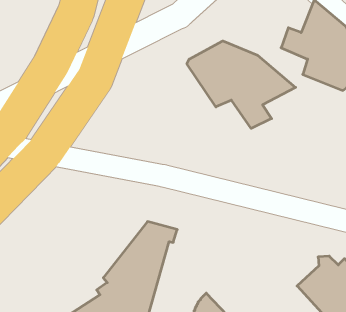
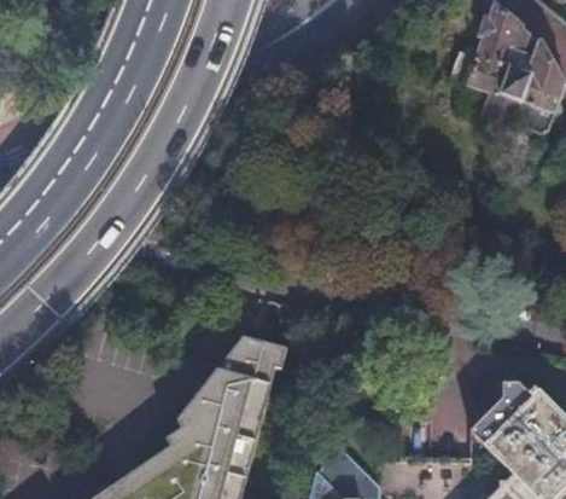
building: [187,41,296,128] -> none

